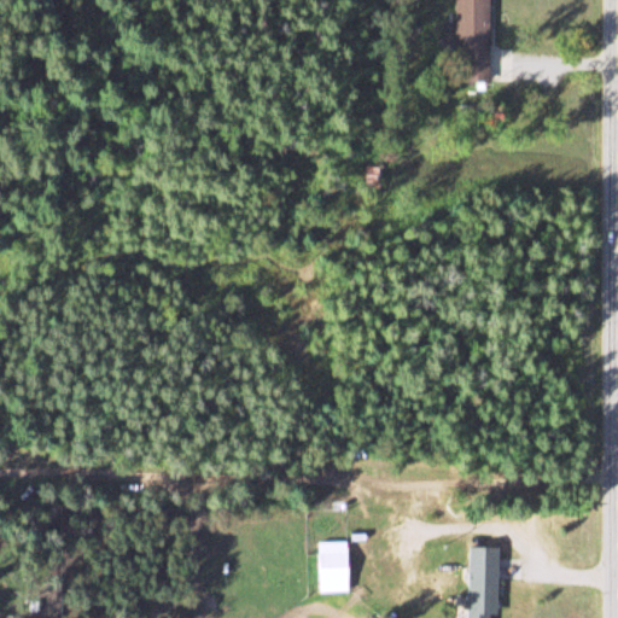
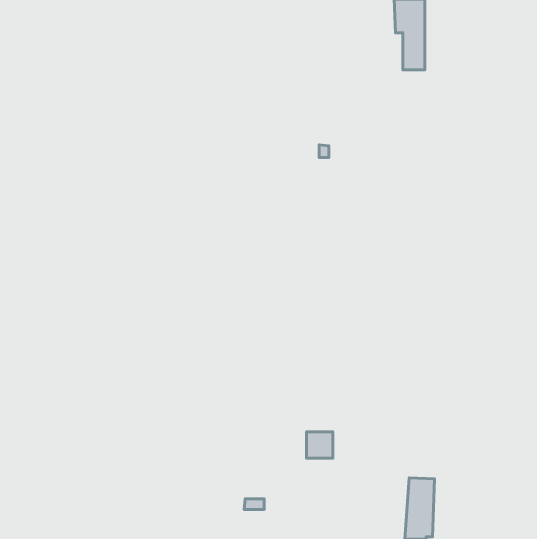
building: [319,552,349,582] -> [307,432,333,458]

